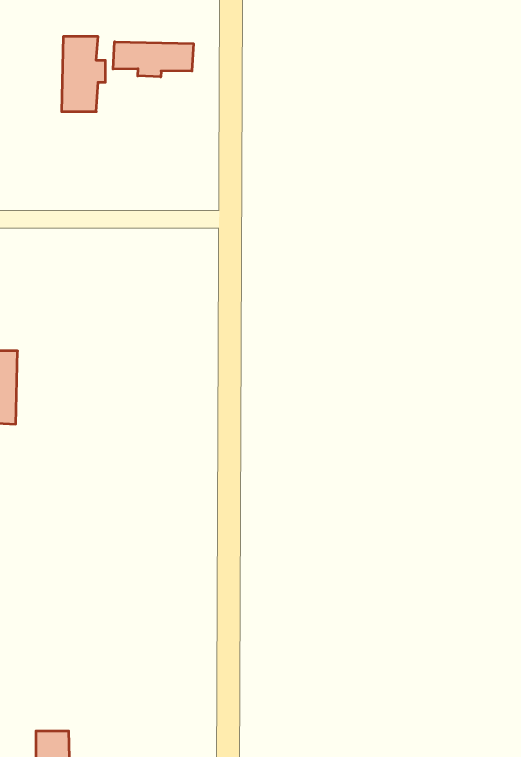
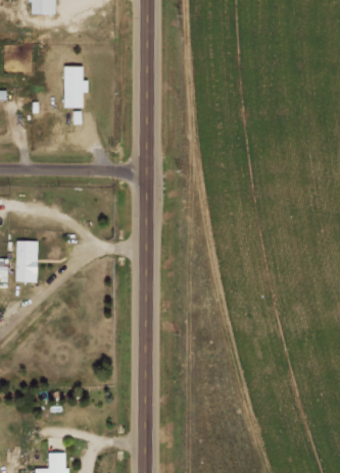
building: [113,42,193,77] -> none

